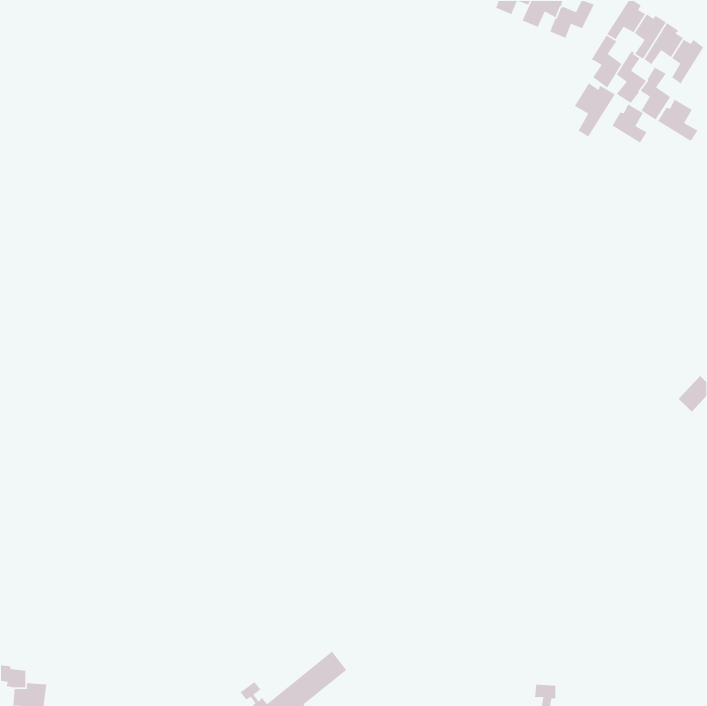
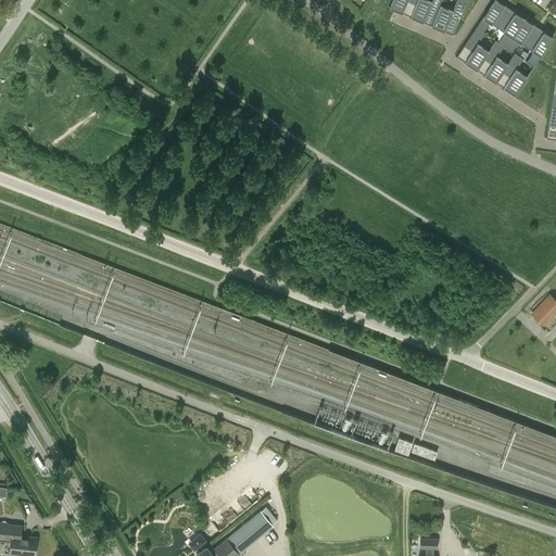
building: [574,79,616,137] -> none
building: [657,97,699,142] -> none
building: [611,102,648,144] -> none

